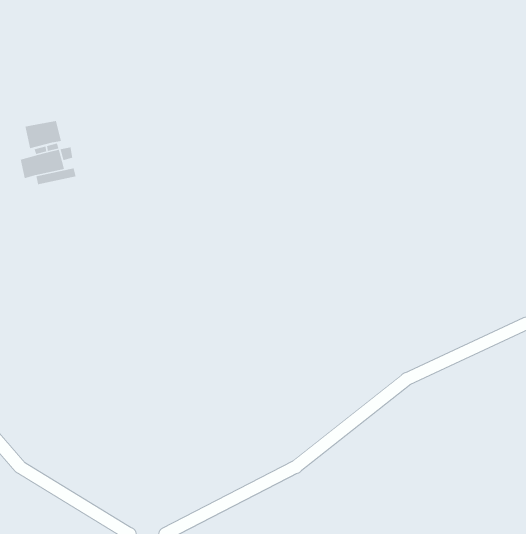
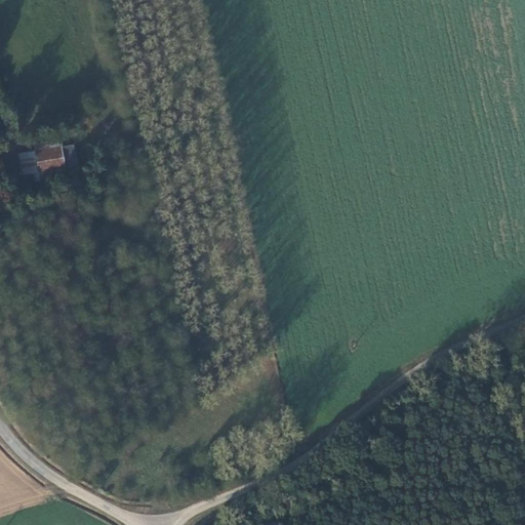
building: [24,120,62,149] -> none

